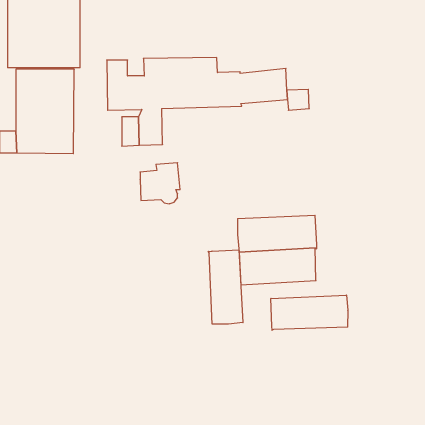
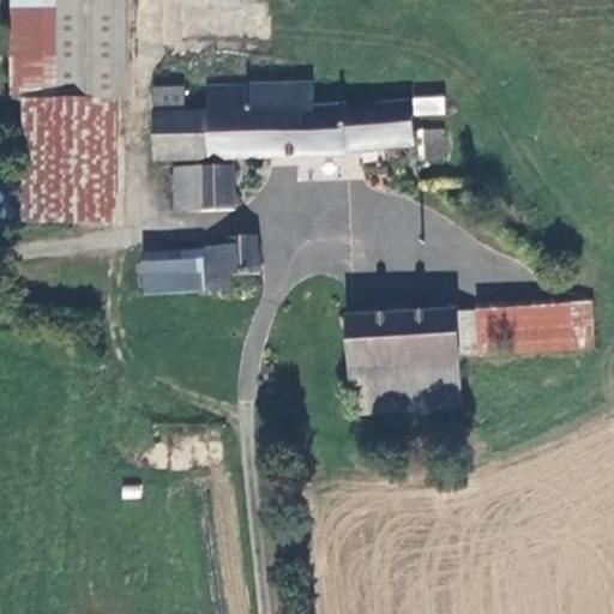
building: none -> [143,258,203,291]
building: none -> [456,297,594,353]
building: [208,250,243,324] -> none
building: [271,295,348,330] -> none

